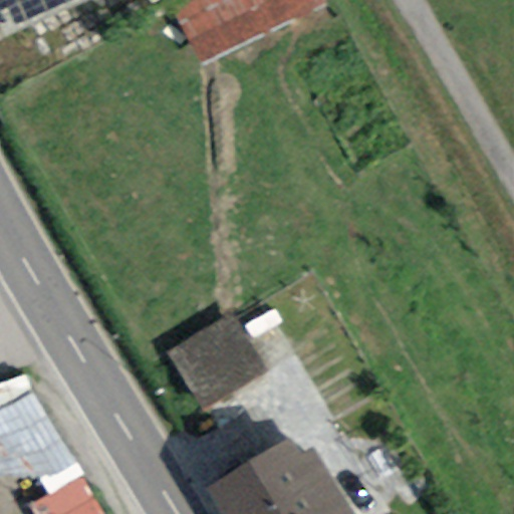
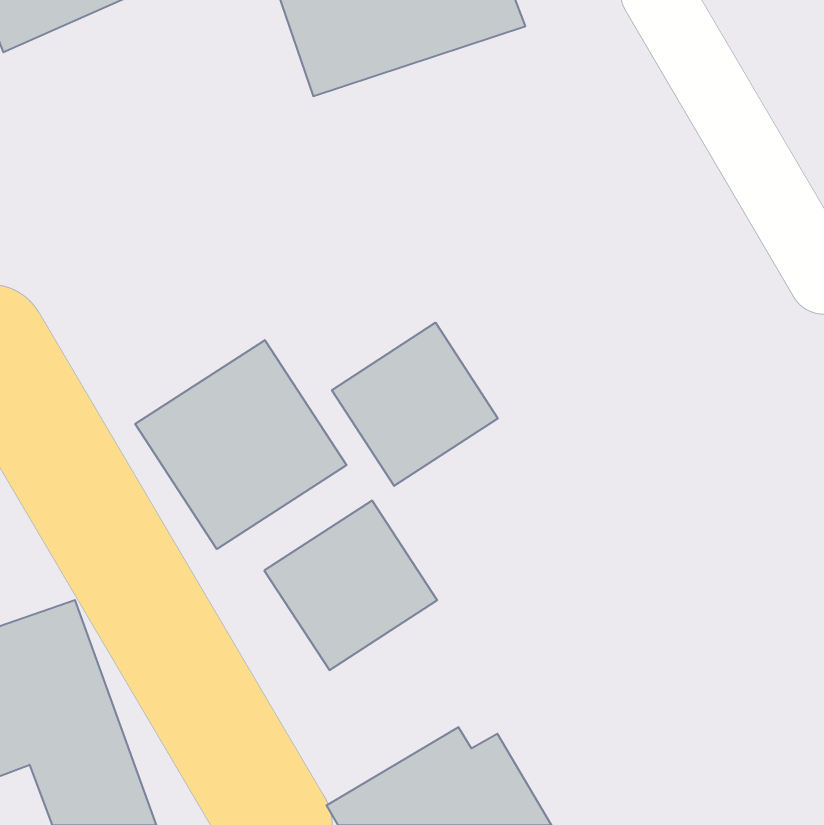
building: none -> [332,323,498,486]
building: none -> [135,340,346,549]

